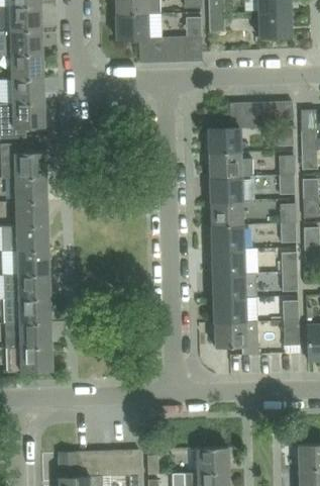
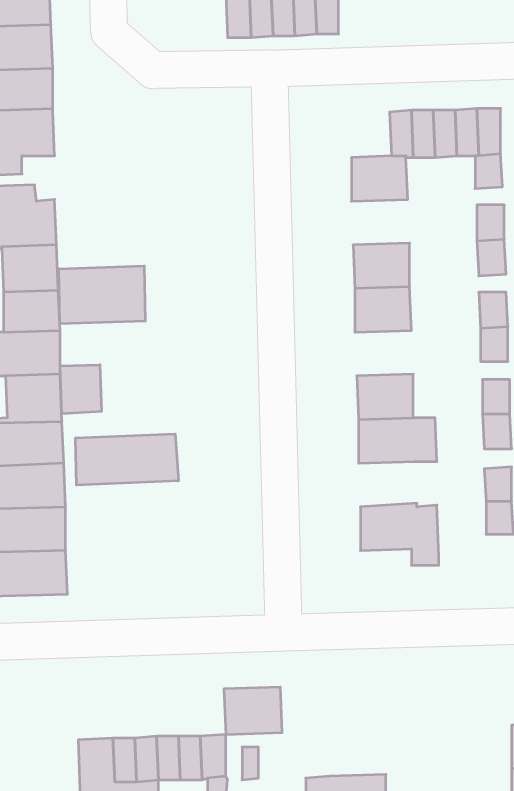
building: [209,152,252,177] -> none
building: none -> [59,266,145,324]
building: [211,224,243,250] -> none
building: none -> [60,365,101,414]
building: none -> [76,434,178,485]
building: [213,297,245,322] -> none
building: [196,446,228,472] -> [224,687,282,734]

